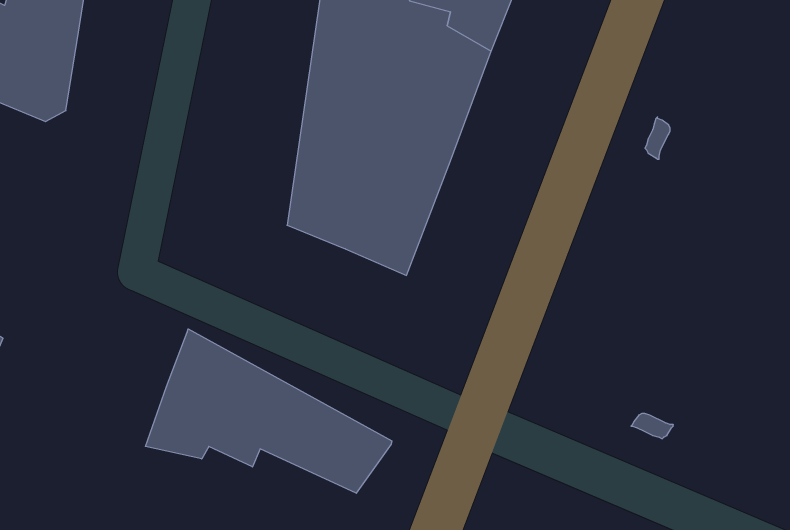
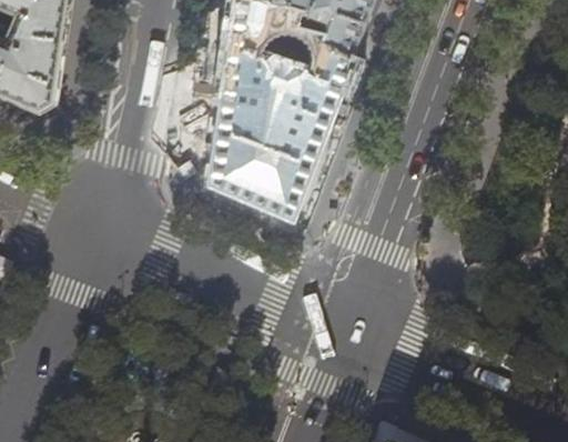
building: [145,329,392,493] -> none

